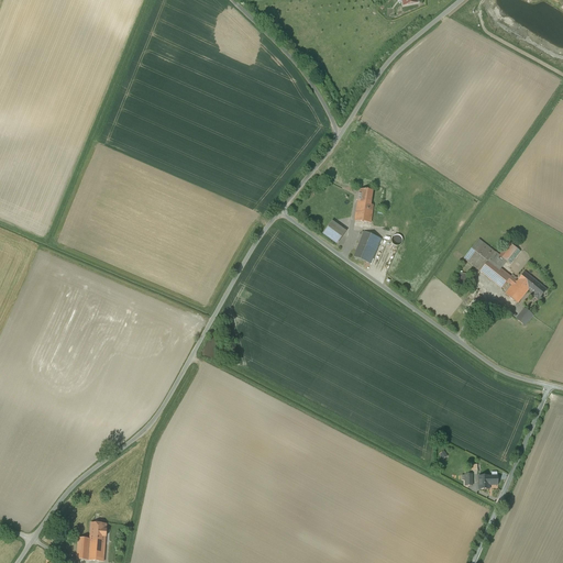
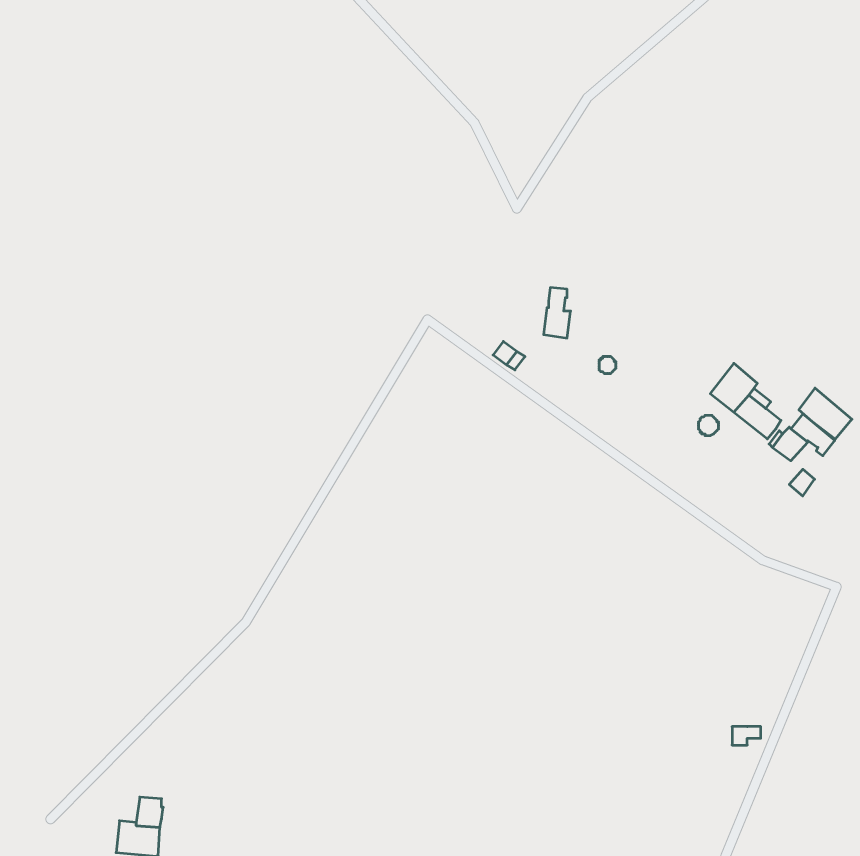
building: [354,230,380,262] -> none
building: none -> [799,388,852,439]

